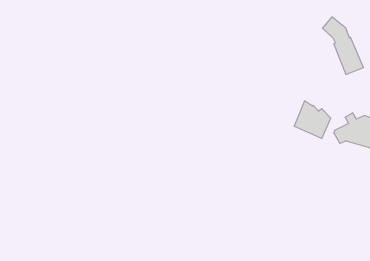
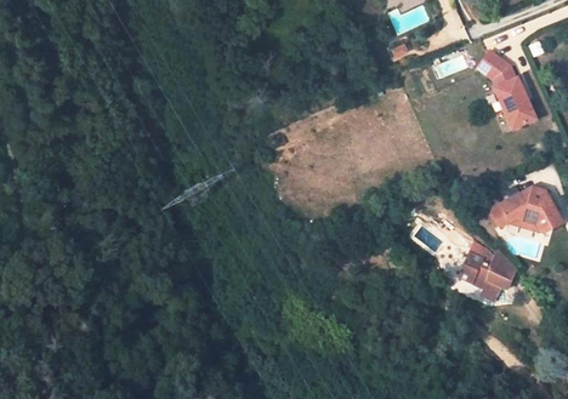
building: [294,101,331,138] -> [464,243,515,295]

